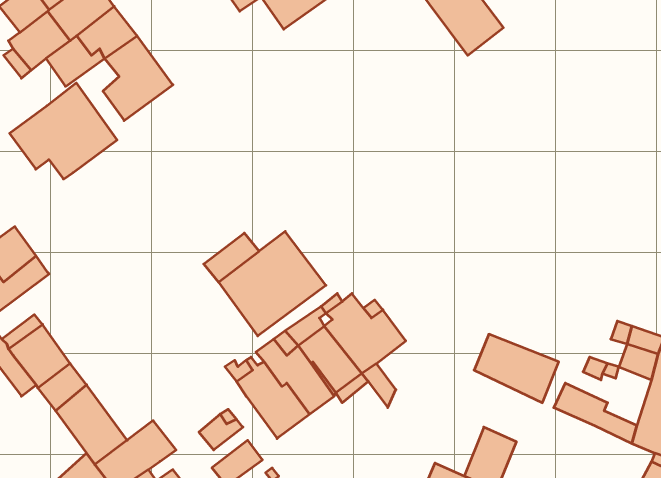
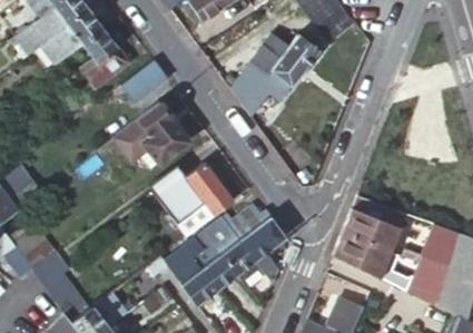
building: none -> [230,35,316,118]
building: none -> [120,60,167,102]
building: [10,83,117,179] -> [115,101,188,167]
building: none -> [343,198,406,252]

